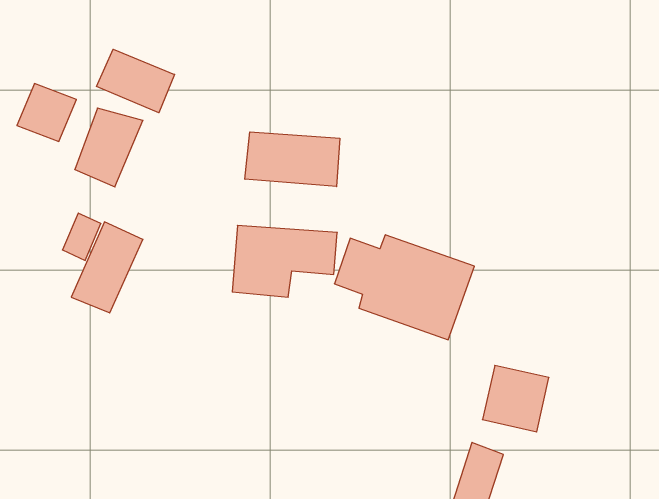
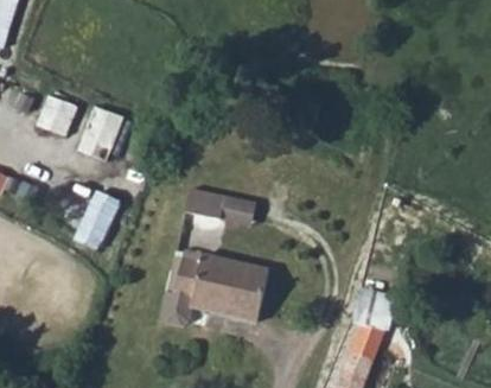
building: [96,49,175,113] -> none
building: [245,132,340,187] -> none
building: [334,235,474,340] -> [181,256,276,327]

